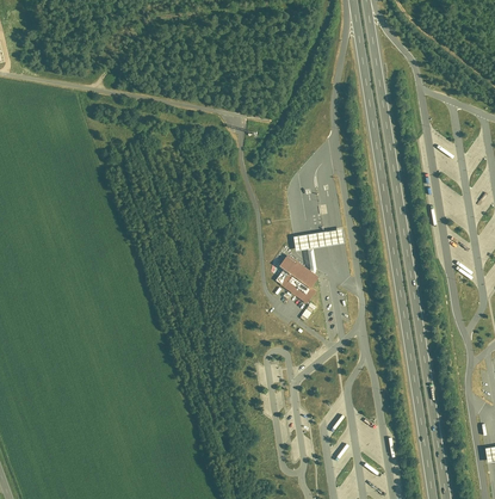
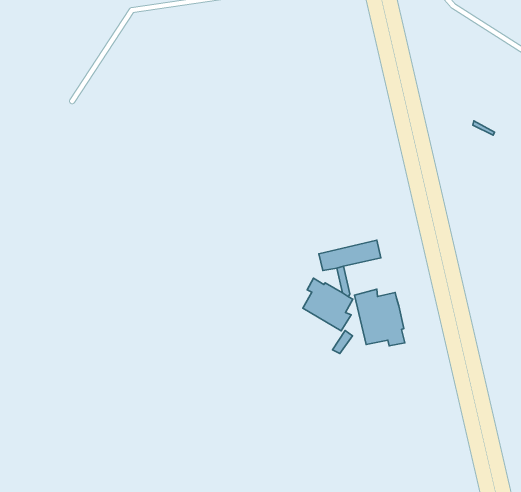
building: none -> [354,289,405,346]

